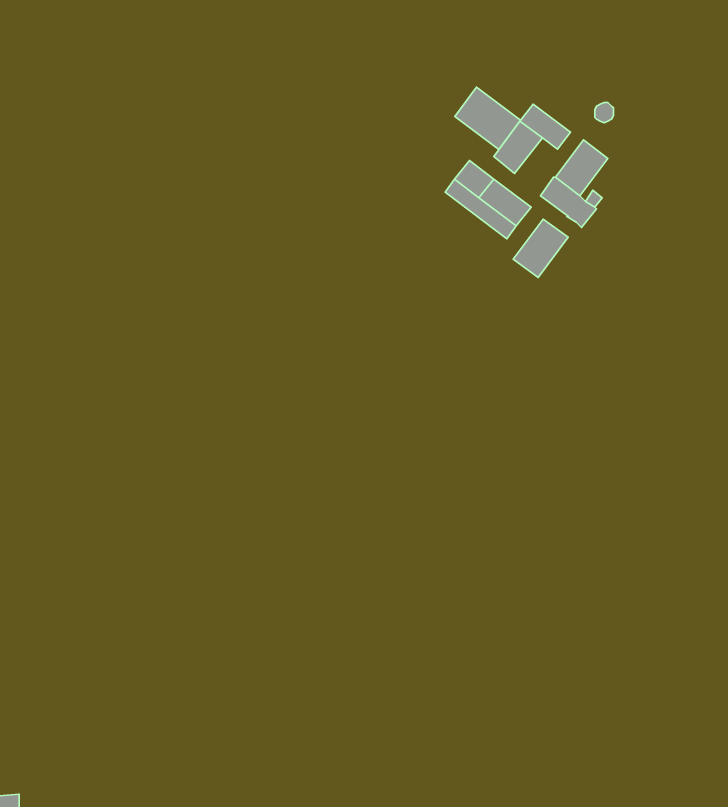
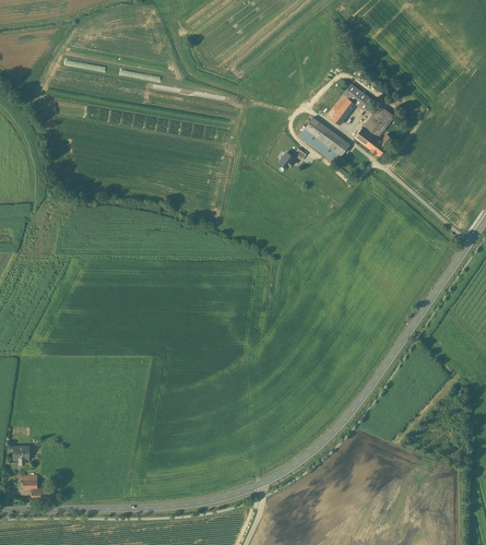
building: [455,87,521,150] -> none
building: [513,219,568,277] -> none

